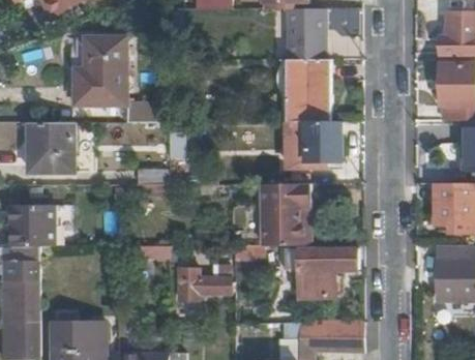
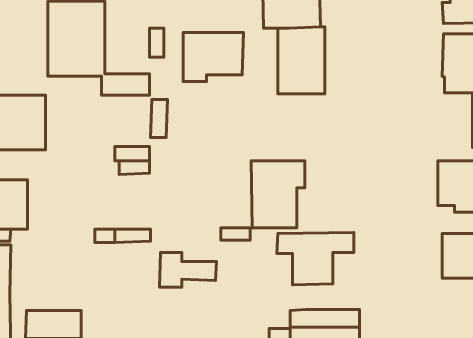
building: [287,121,343,167] -> [183,32,243,82]

